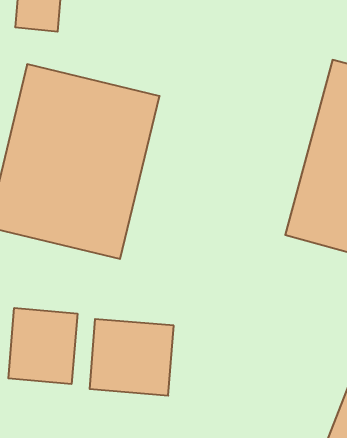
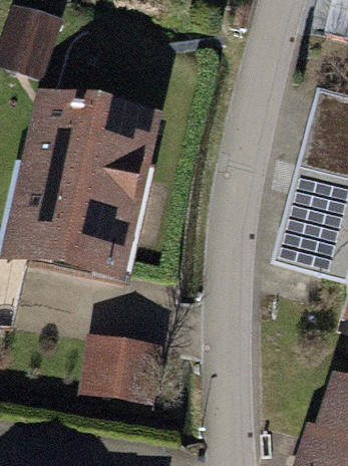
building: [8,308,77,384] -> none

